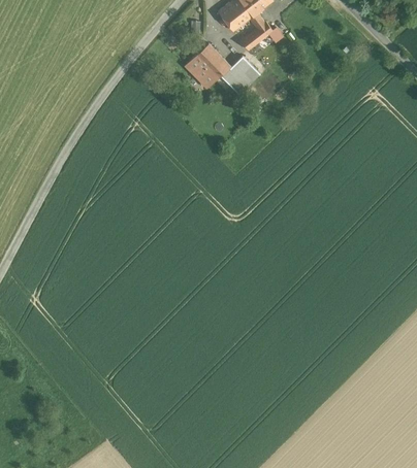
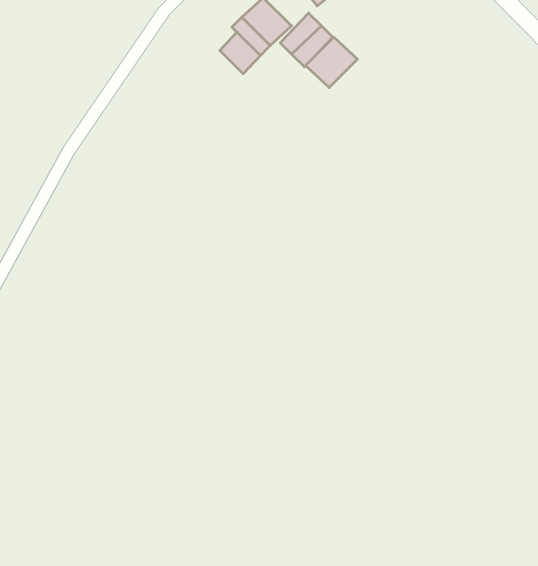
building: none -> [220,32,260,74]
building: none -> [306,37,357,88]

